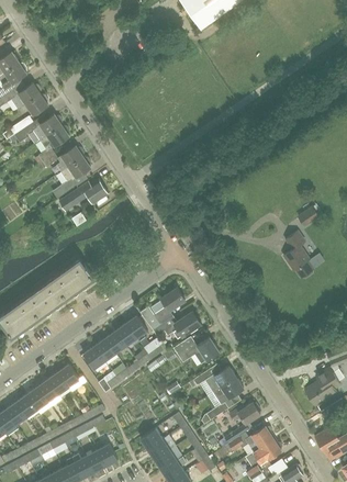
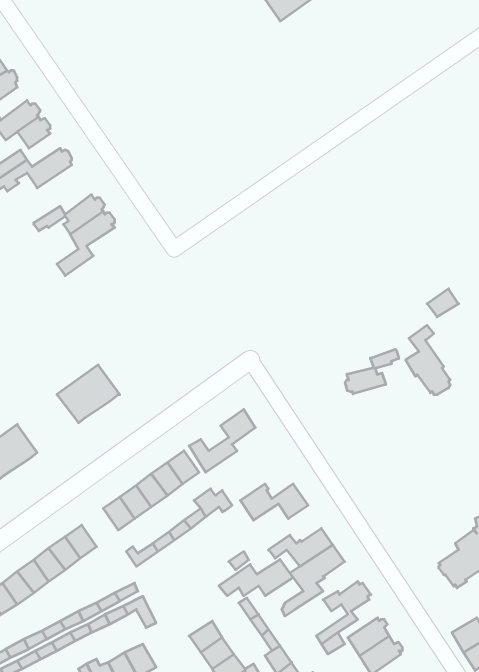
building: [33,125,69,164] -> none
building: [59,179,108,211] -> none
building: none -> [345,349,399,394]
building: [25,278,66,316] -> none
building: [150,312,200,336] -> [219,559,293,596]

